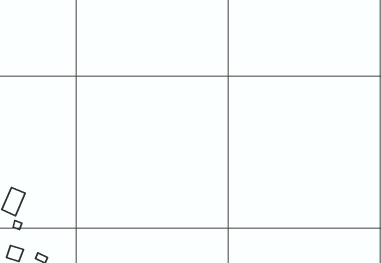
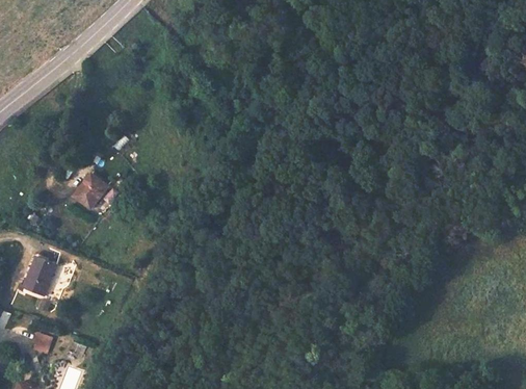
building: none -> [73,174,105,207]

